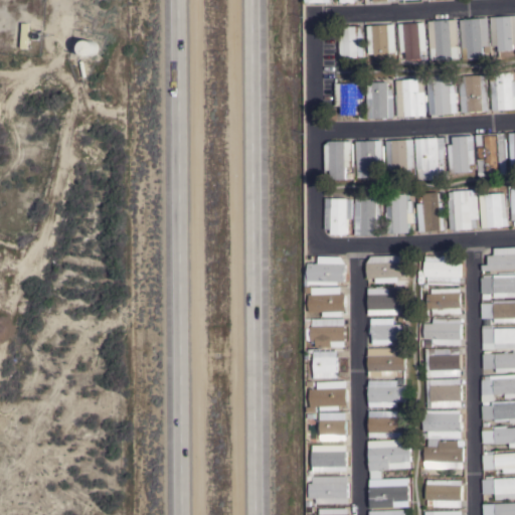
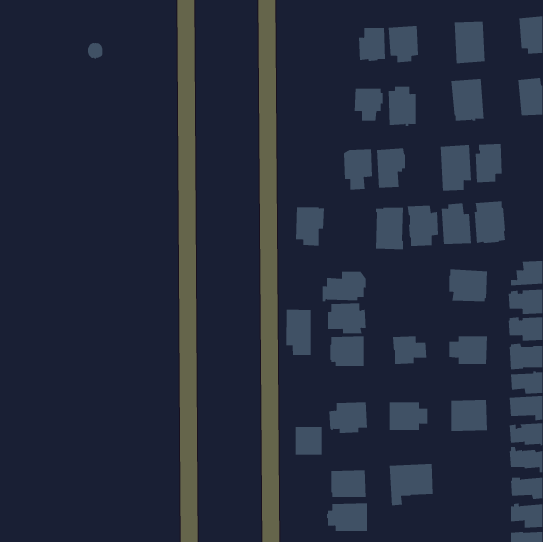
building: [461,18,491,60] -> none
building: [398,23,427,60] -> none
building: [460,75,490,114] -> none
building: [395,79,427,118] -> none
building: [477,134,507,177] -> none
building: [386,140,415,178] -> none
building: [480,193,509,229] -> none
building: [325,199,353,236] -> [295,207,325,246]
building: [367,255,406,284] -> none
building: [368,289,402,316] -> none
building: [427,289,462,317] -> none
building: none -> [286,309,311,356]
building: [425,348,461,378] -> none
building: [368,349,405,377] -> none
building: [314,352,339,379] -> none
building: [423,410,464,469] -> none
building: [368,411,405,438] -> none
building: [320,413,346,441] -> [295,427,322,455]
building: [369,480,409,509] -> none
building: [425,481,462,509] -> none

